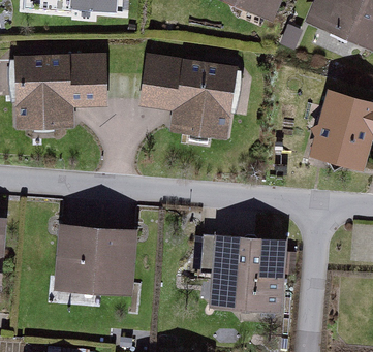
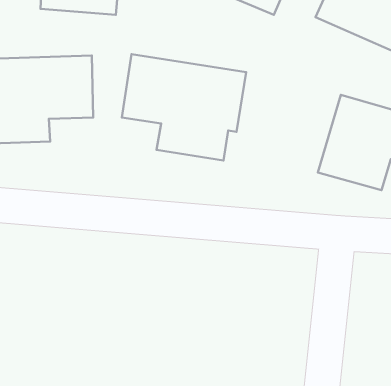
building: [49,224,131,297] -> none
building: [212,237,289,314] -> none

